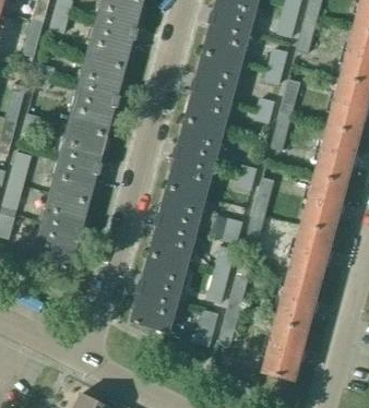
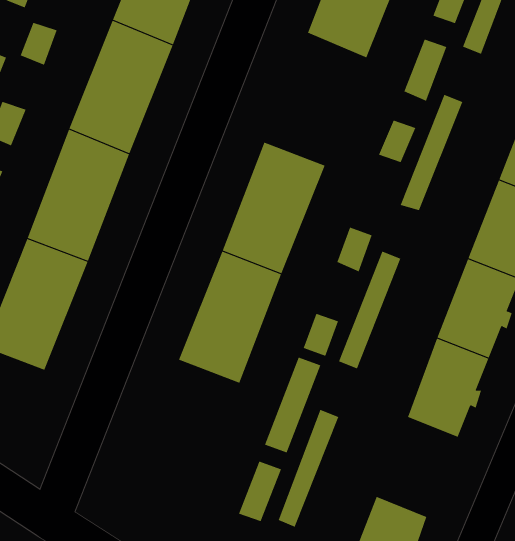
building: [184,52,240,130] -> none
building: [131,255,187,333] -> none
building: [275,274,320,332] -> none

